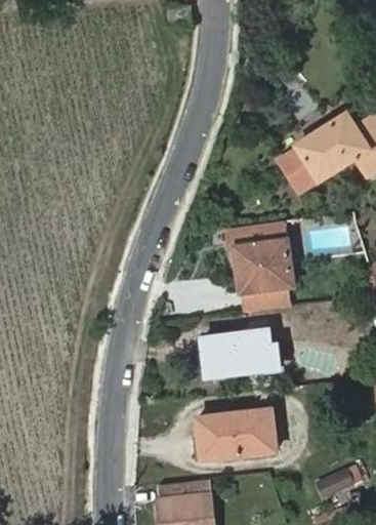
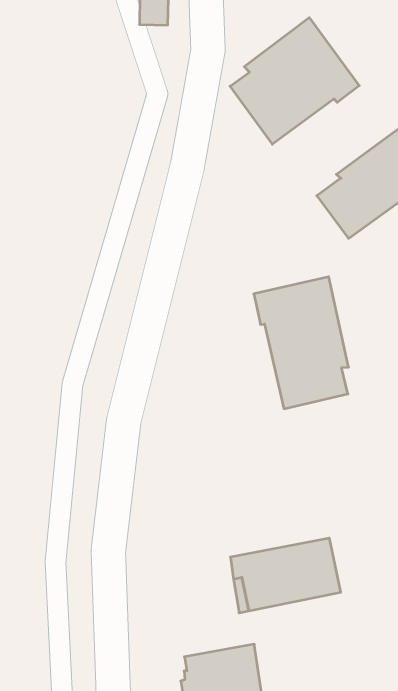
building: none -> [230,18,359,144]
building: [203,331,278,376] -> none

